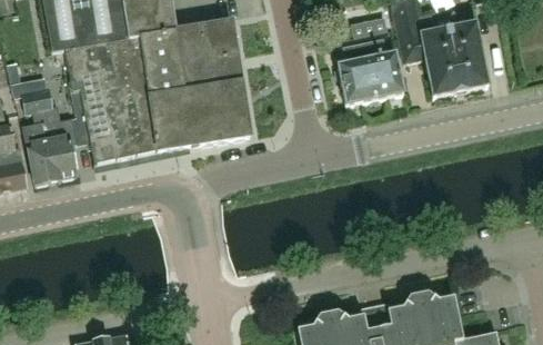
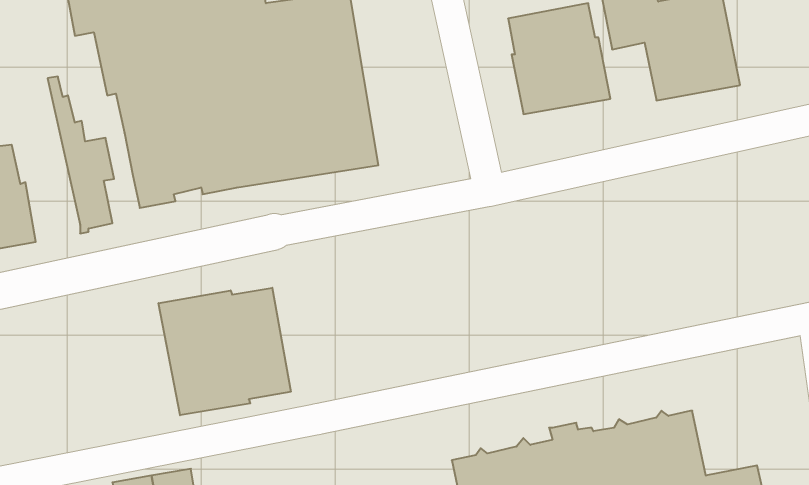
building: [20,79,56,184] -> none
building: none -> [159,288,291,415]

